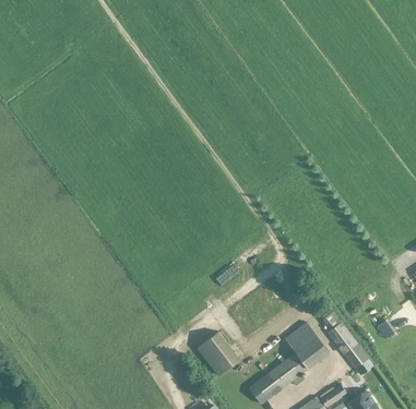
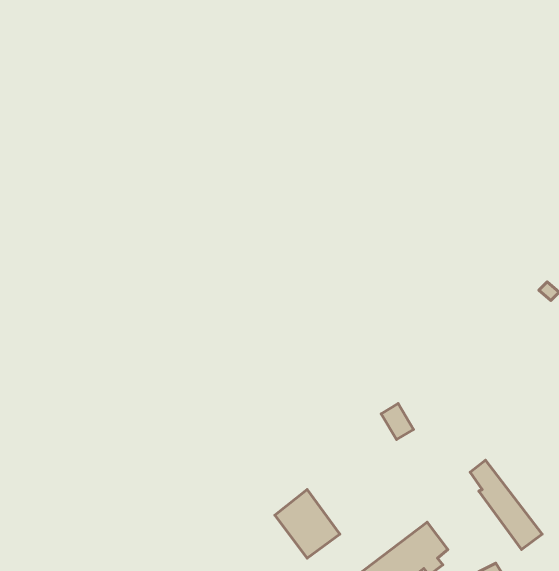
building: [285,322,330,370] -> none

